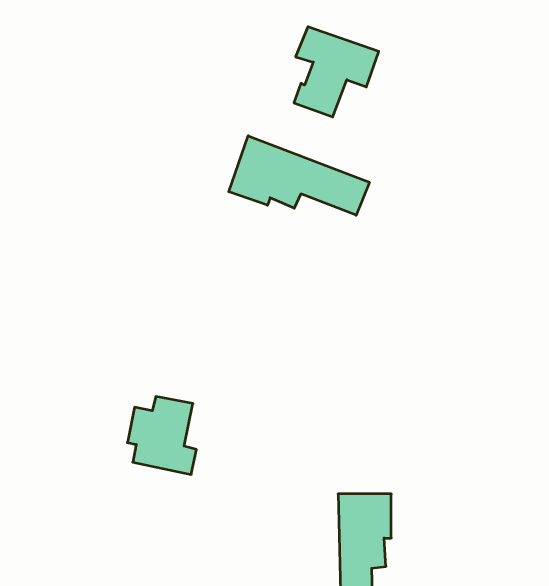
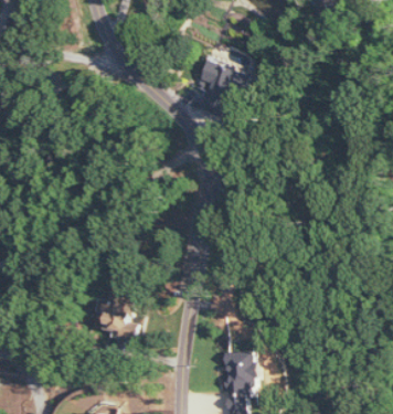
building: [229,136,369,215] -> none

